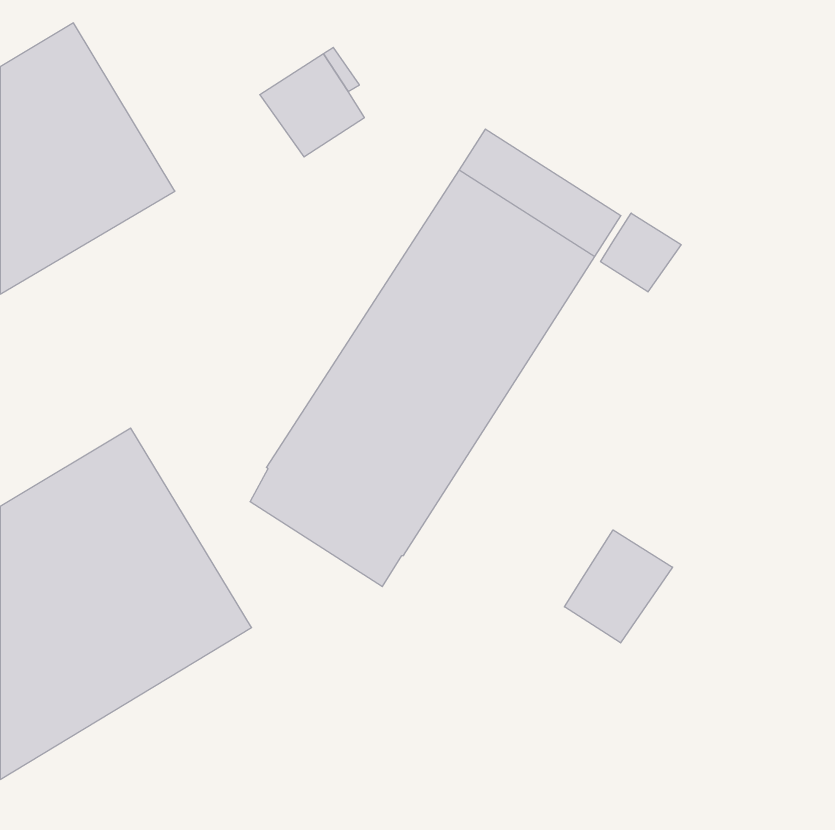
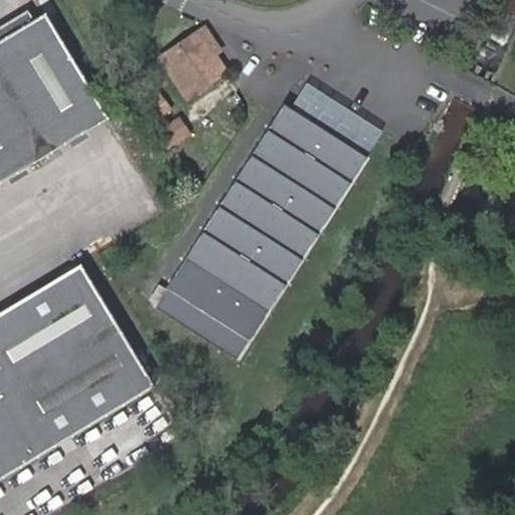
building: [601,213,681,292] -> none
building: [564,530,673,643] -> none

